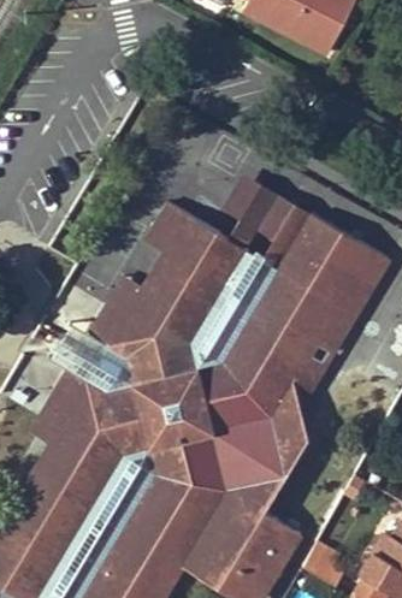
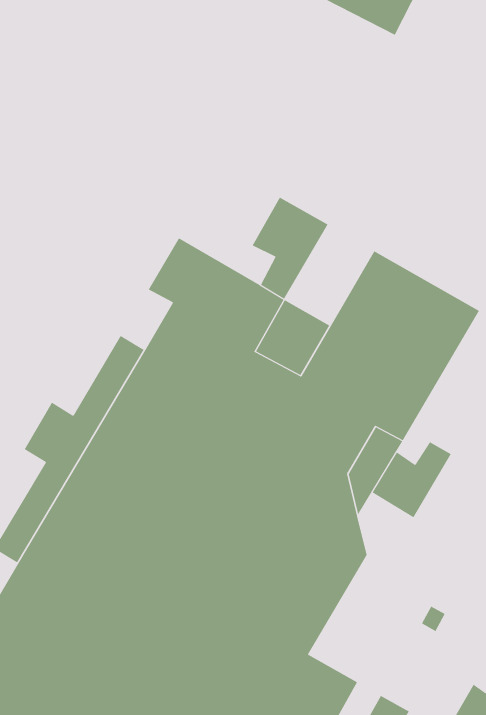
building: [246,195,312,270] -> none
building: none -> [372,442,451,518]

